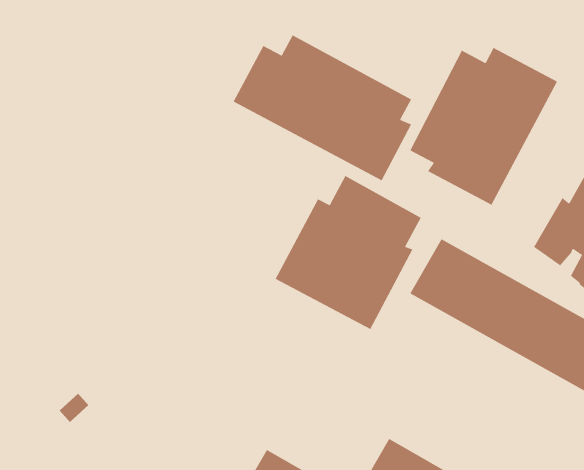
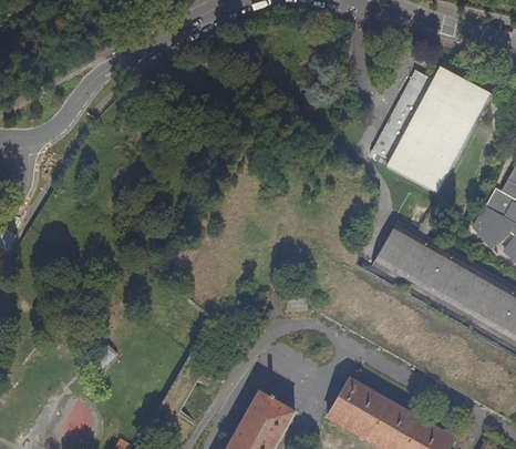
building: [233,34,412,181] -> none
building: [275,175,422,330] -> none

